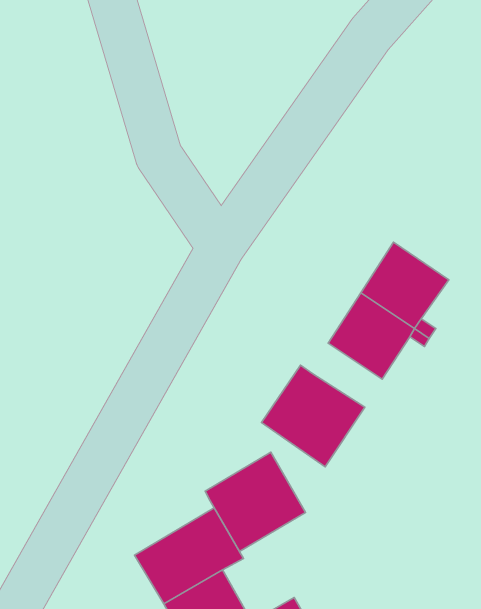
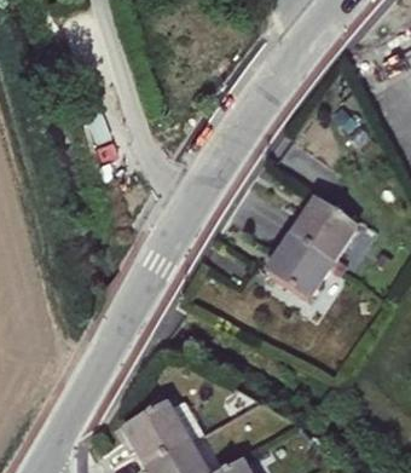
building: [262,365,365,467] -> none
building: [205,452,305,551] -> none

